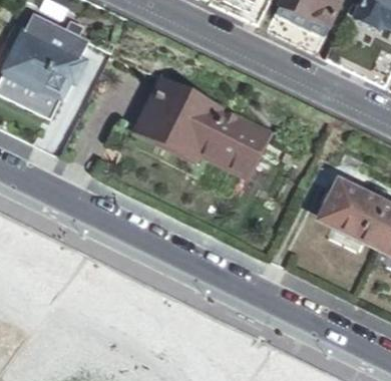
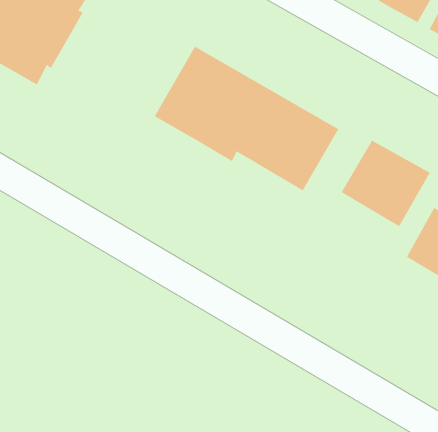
building: none -> [341,140,431,227]

